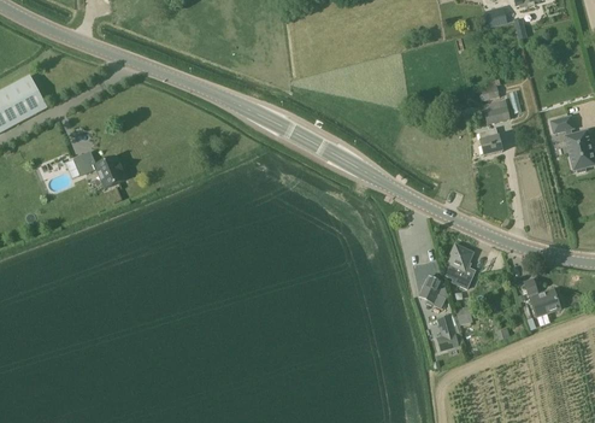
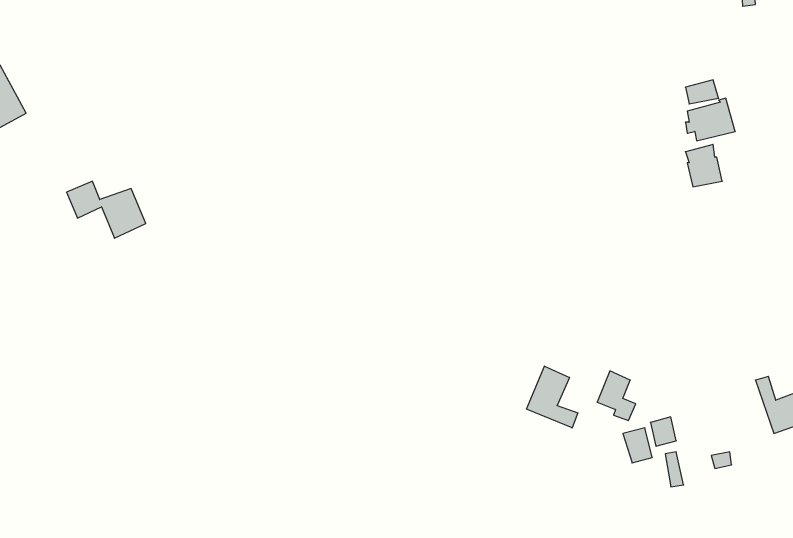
building: [447,242,477,287] -> none
building: none -> [526,366,578,428]

